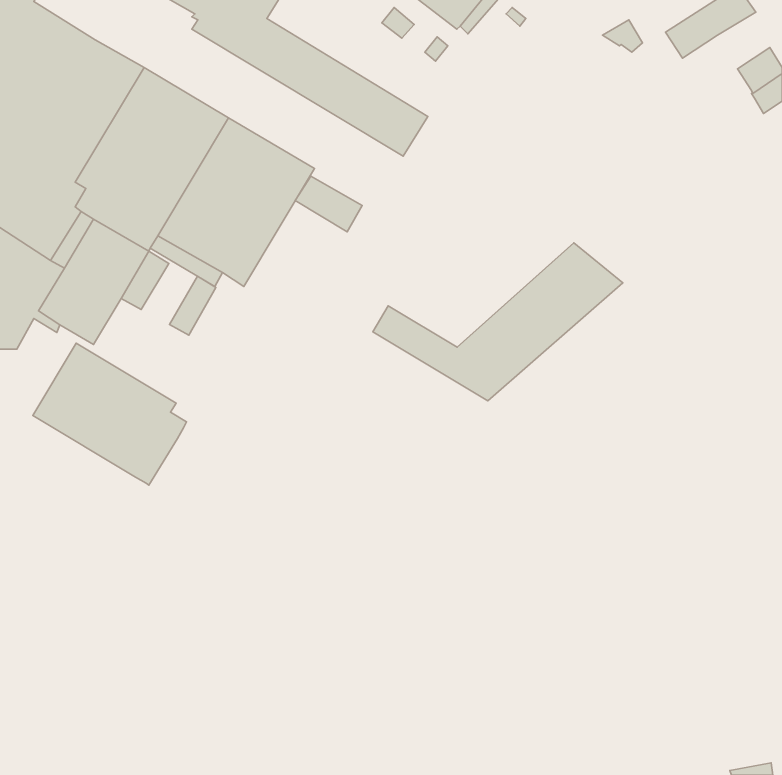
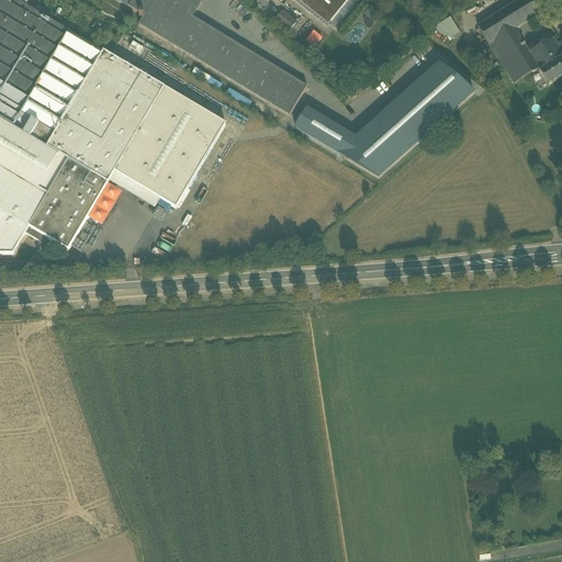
building: none -> [488,25,538,80]
building: [295,176,362,232] -> none
building: [373,243,623,401] -> [294,60,473,173]
building: [170,276,216,335] -> none
building: [33,343,186,485] -> none

